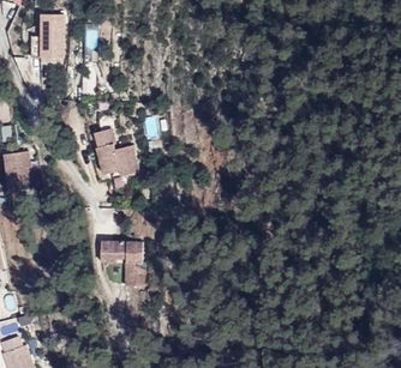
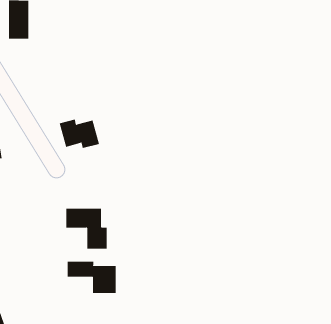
building: none -> [67,261,116,294]

